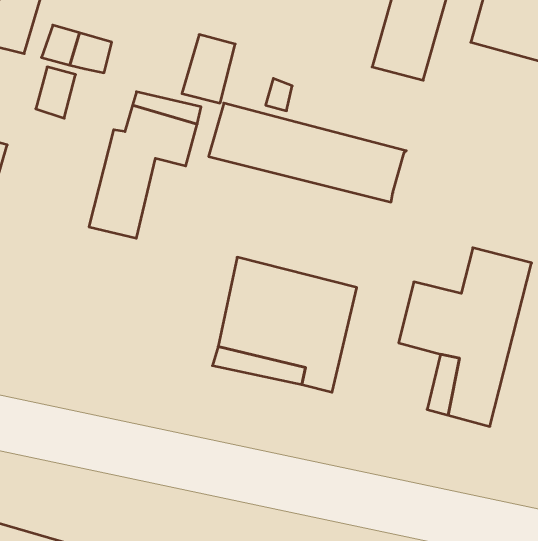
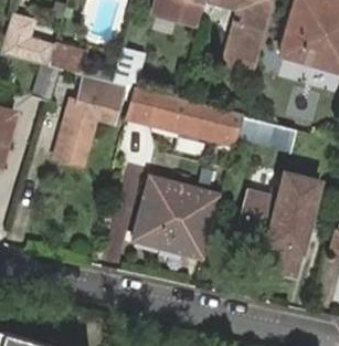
building: none -> [236,116,297,154]

